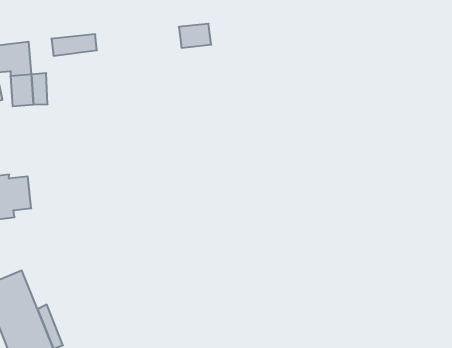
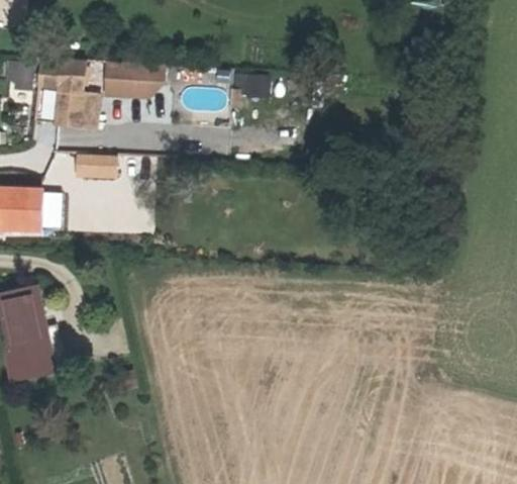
building: none -> [103,65,162,96]
building: none -> [77,153,116,176]

